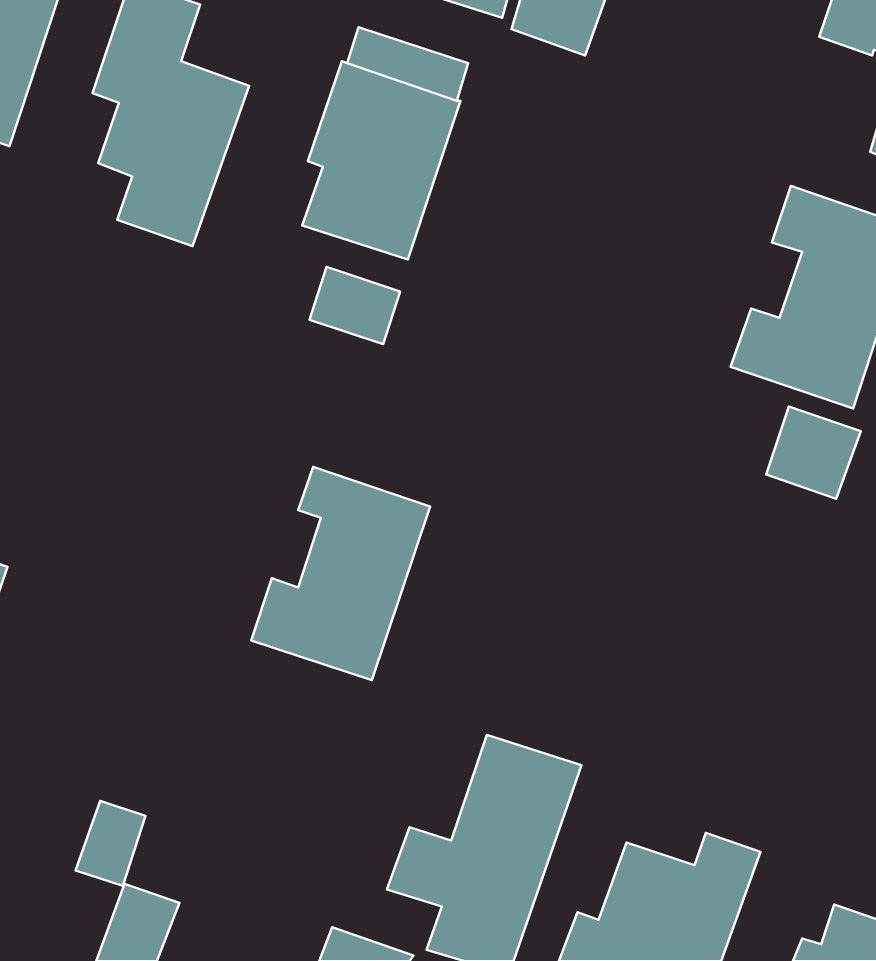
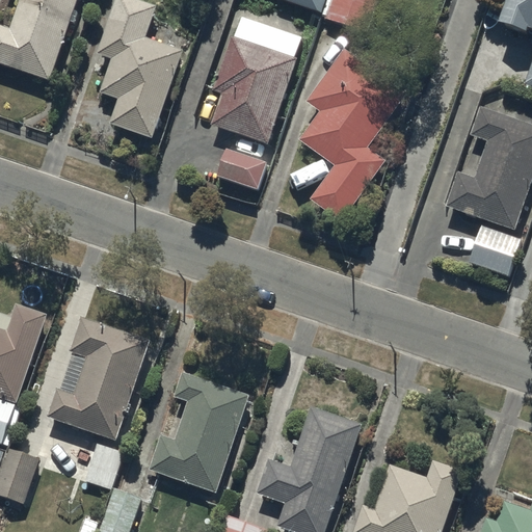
building: none -> [296,49,402,221]
building: [251,467,430,680] -> [149,373,247,490]
building: none -> [49,318,151,441]

